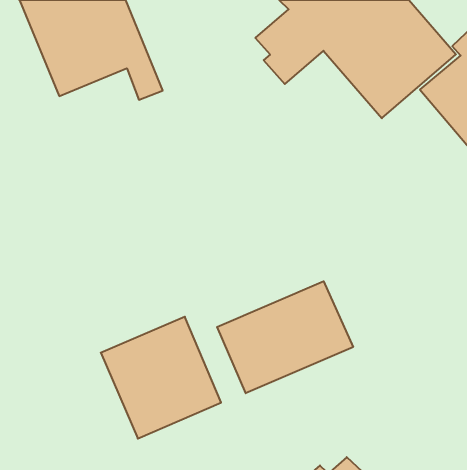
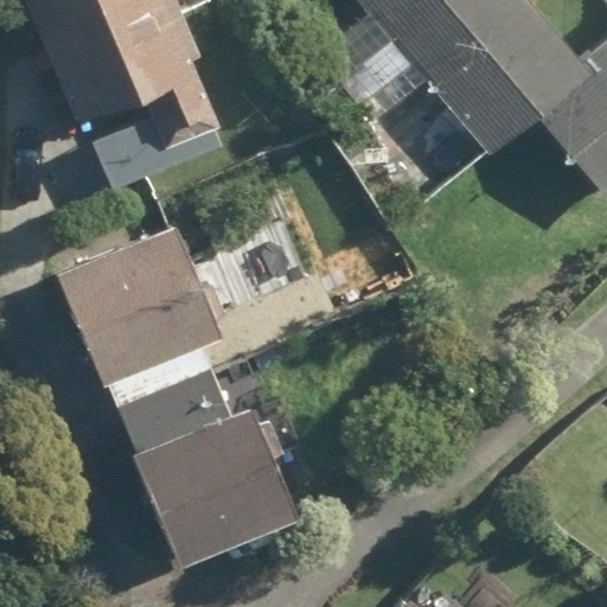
building: none -> [56,226,217,384]
building: [217,281,353,393] -> none

